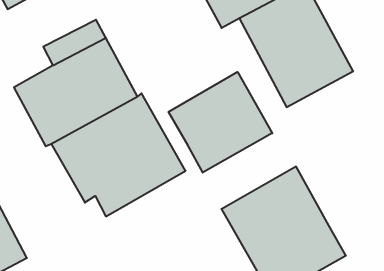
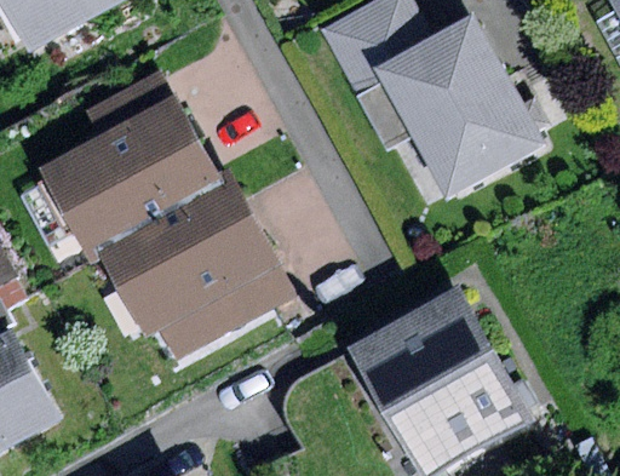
building: [169,72,272,173] -> none

